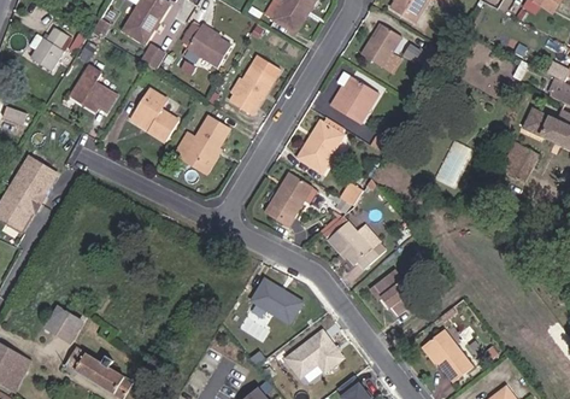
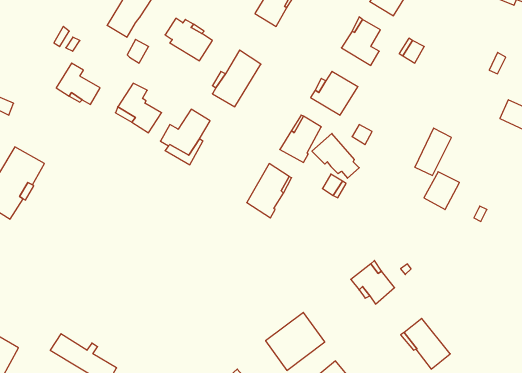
building: [31,27,71,71] -> none
building: [501,143,537,182] -> [424,172,459,210]
building: [328,224,376,270] -> [312,133,359,178]
building: [248,275,305,323] -> none
building: [46,309,82,342] -> none

